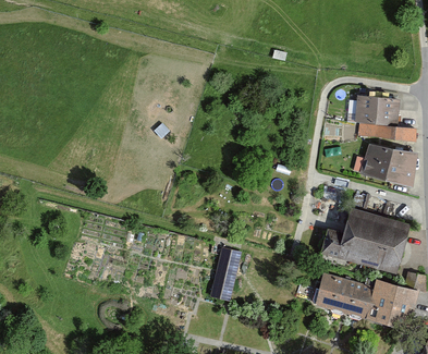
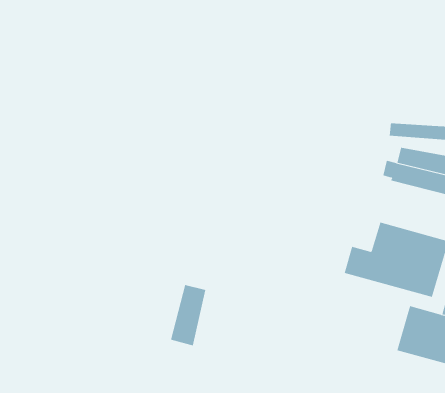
building: [356,96,399,126] -> none
building: [210,248,241,301] -> [170,285,206,346]
building: [316,273,375,317] -> none

